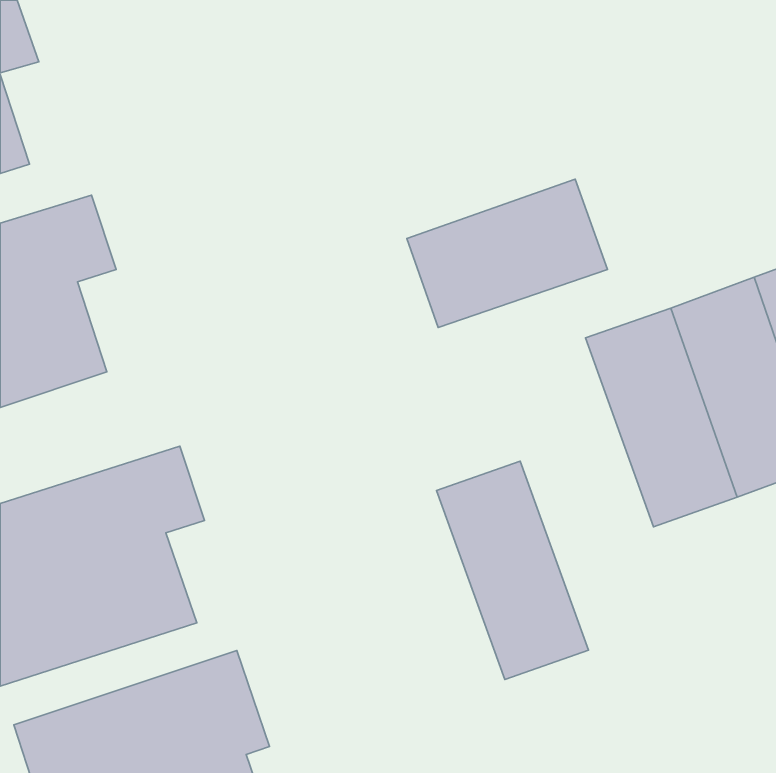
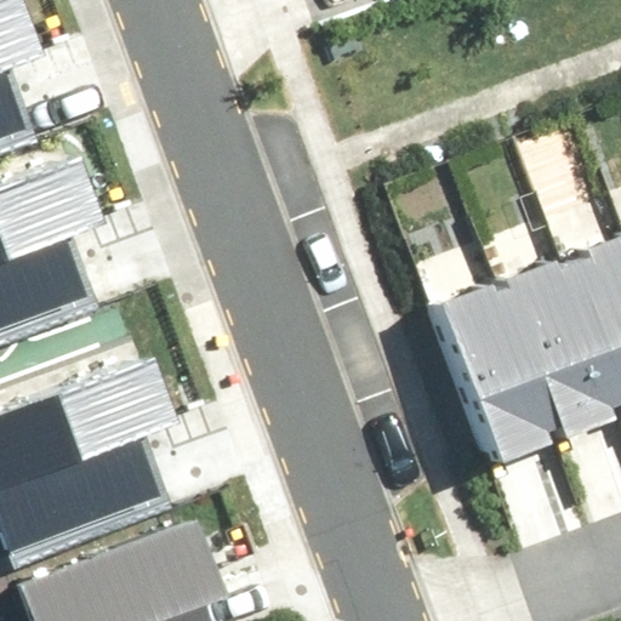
building: [407,179,608,327] -> none
building: [437,461,588,679] -> [405,279,524,450]

